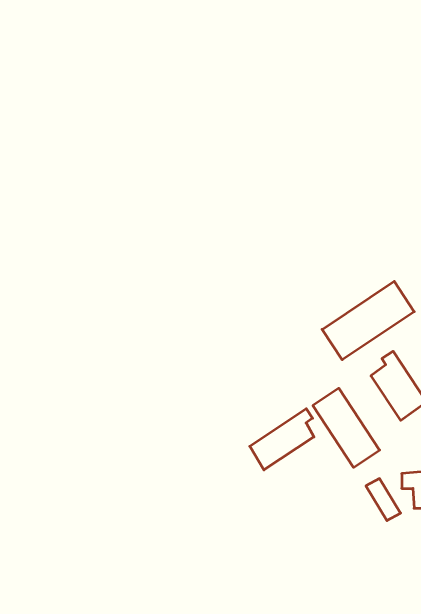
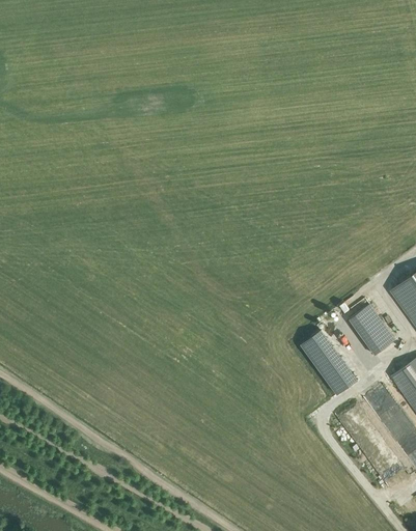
building: [322,281,414,360] -> none
building: [250,409,314,470] -> none

